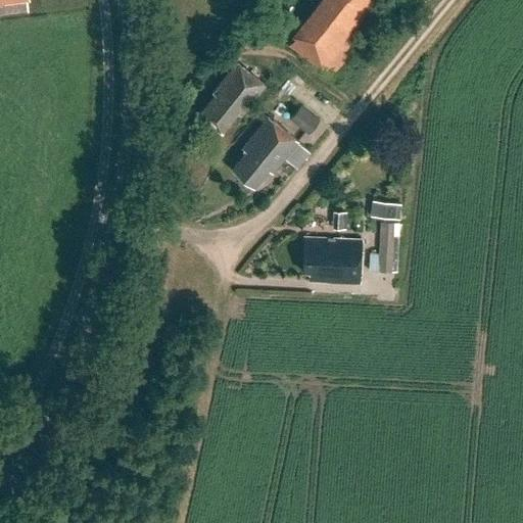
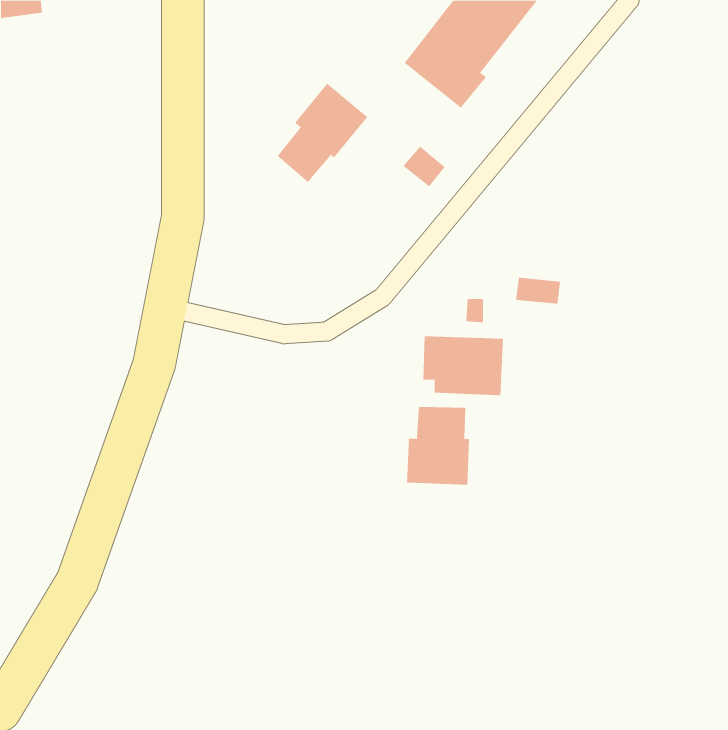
building: [231,118,296,188] -> none
building: [379,222,400,272] -> none
building: none -> [407,406,470,485]

